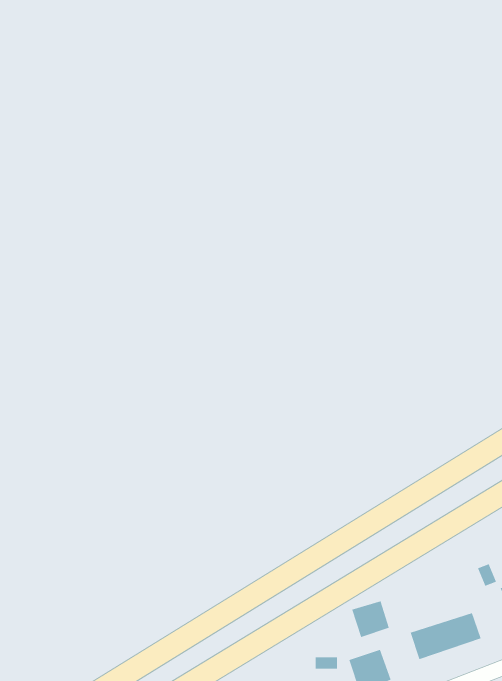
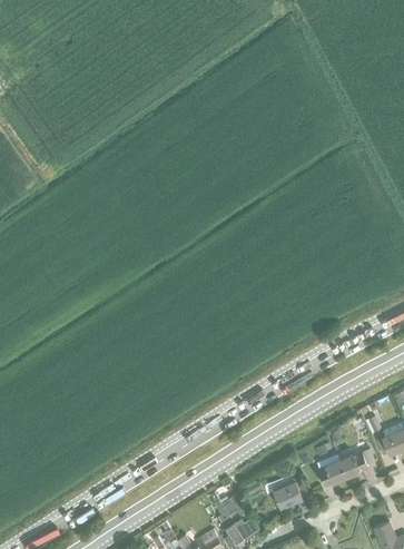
building: [351,601,390,638] -> none

